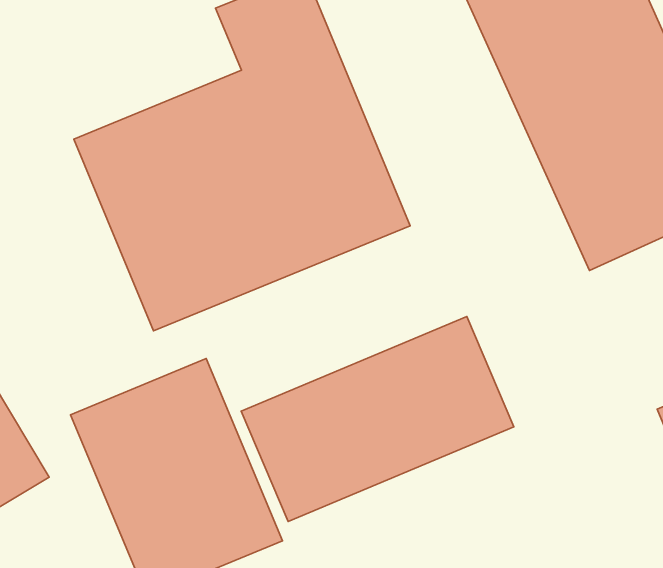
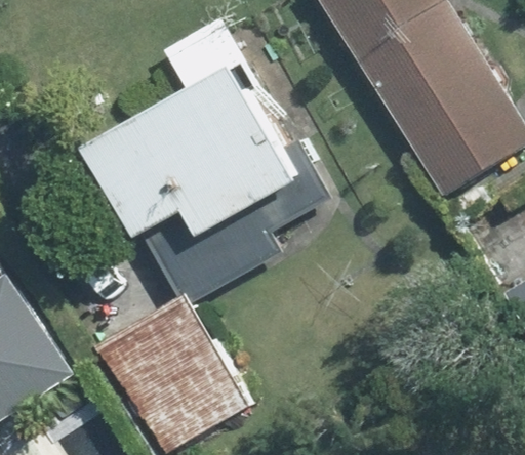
building: [241,316,514,522] -> none

